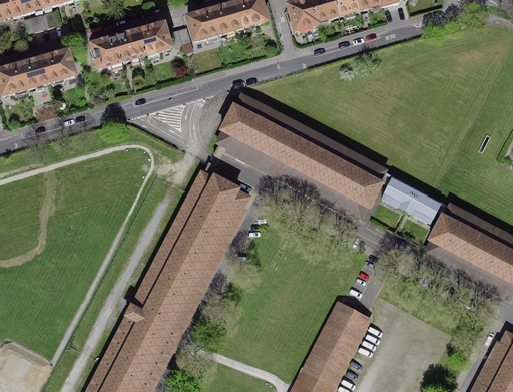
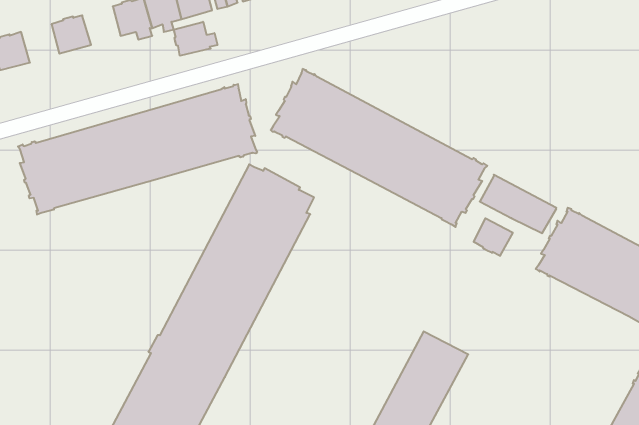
building: none -> [174,22,217,56]
building: [21,57,51,87] -> none
building: none -> [18,84,257,215]
building: none -> [474,218,513,256]

